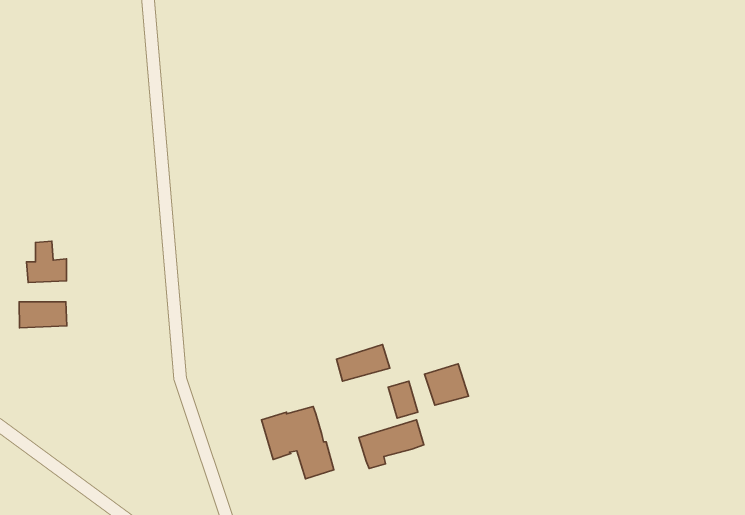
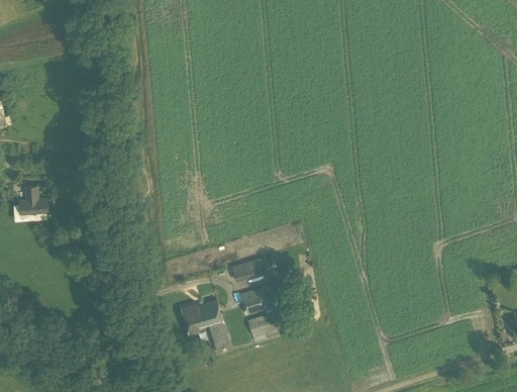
building: [19,302,67,328] -> none
building: [424,364,469,405] -> [238,286,269,314]

